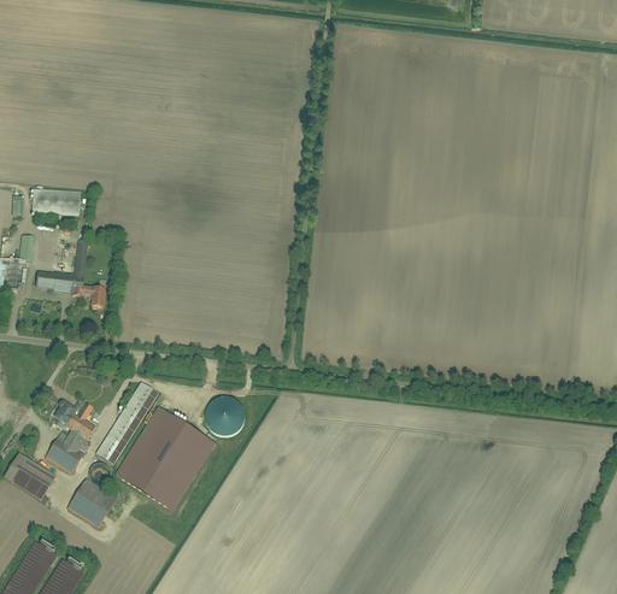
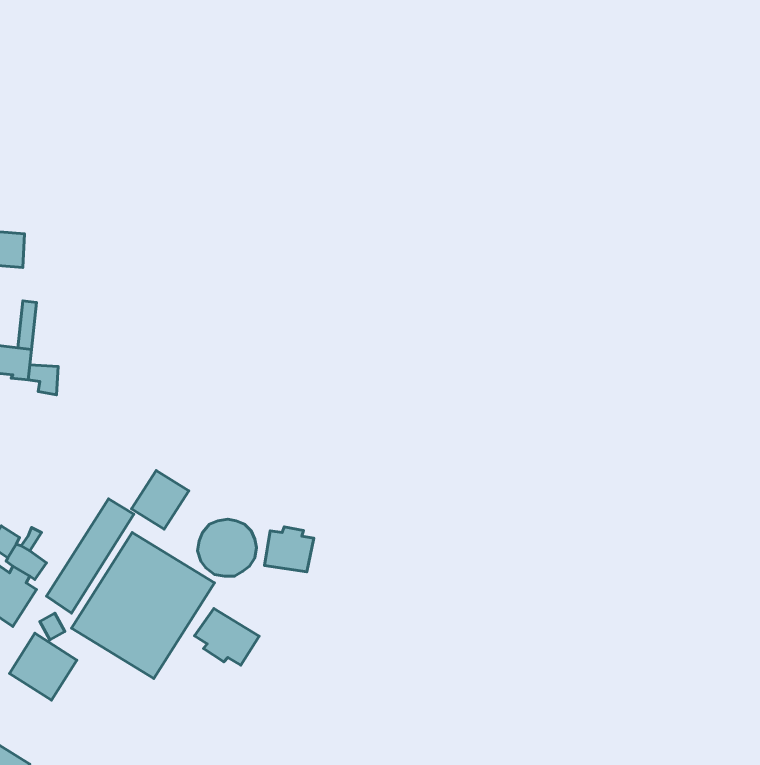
building: none -> [132,470,189,529]
building: none -> [264,527,314,572]
building: none -> [194,608,259,665]

